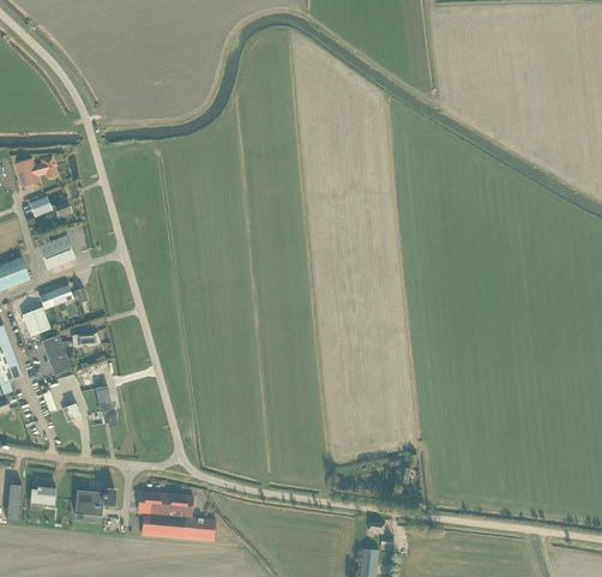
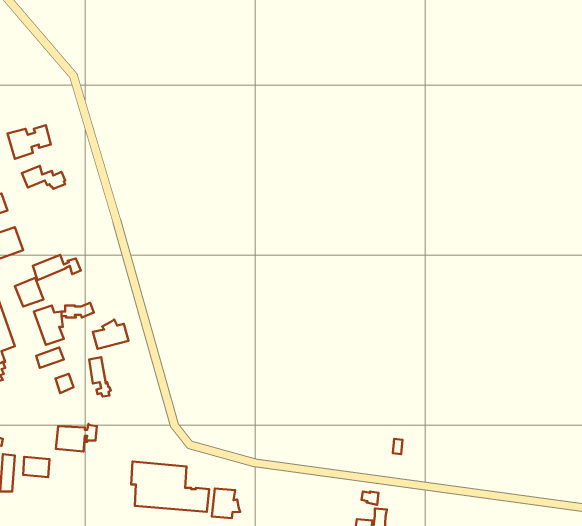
building: [35,235,73,269] -> none
building: none -> [93,319,129,349]
building: [73,488,114,516] -> [56,424,97,451]
building: none -> [212,488,240,518]

